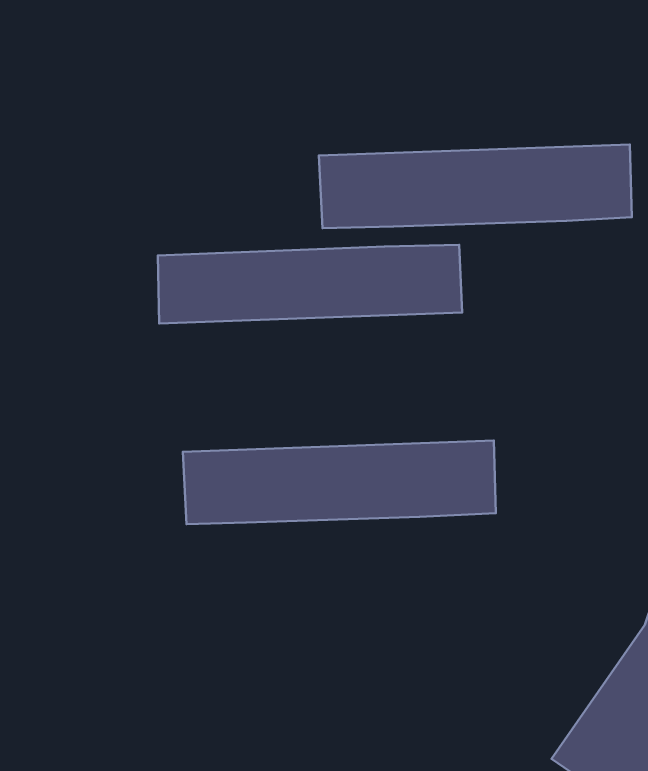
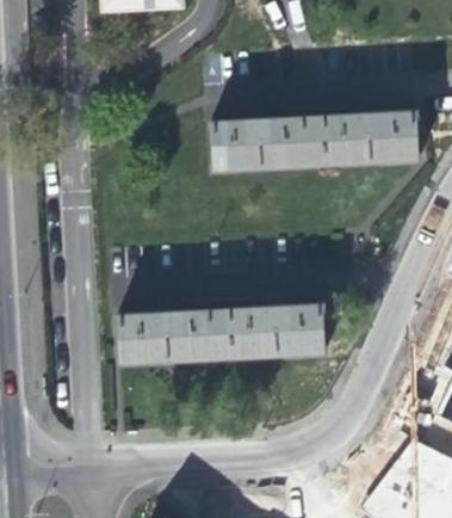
building: [158,245,462,323] -> none

